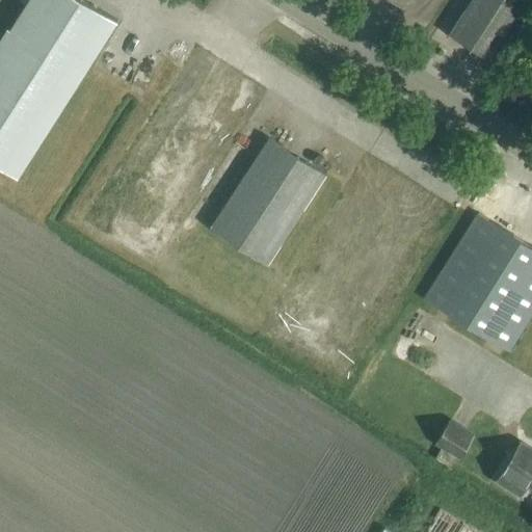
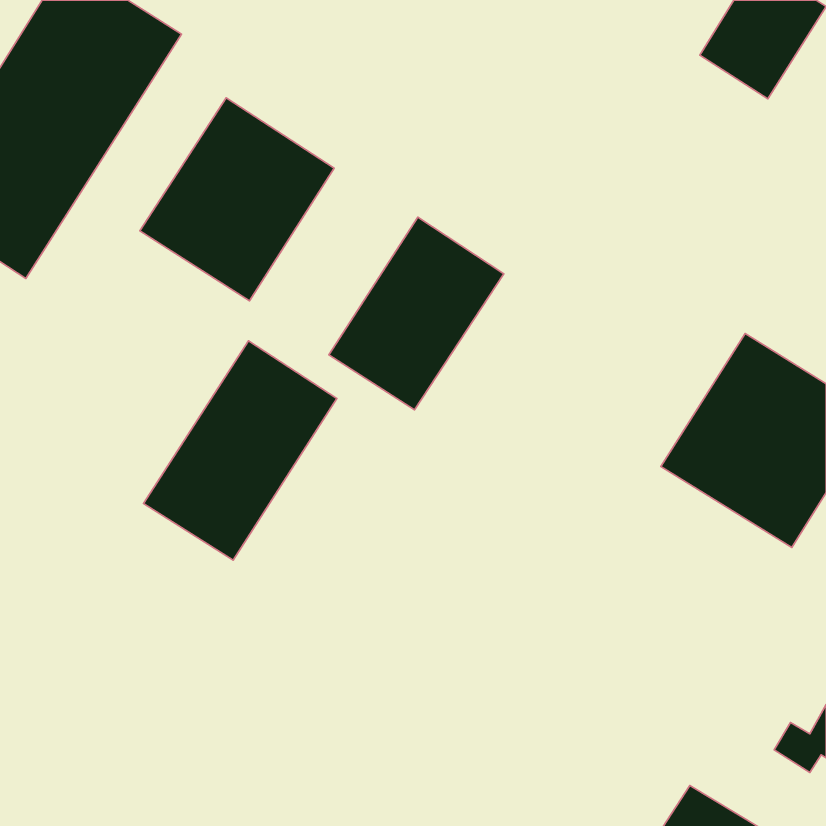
building: none -> [140,98,334,301]
building: none -> [143,341,337,560]
building: [434,424,474,463] -> none

